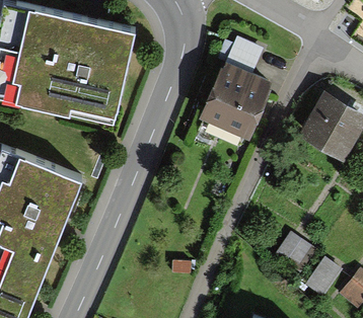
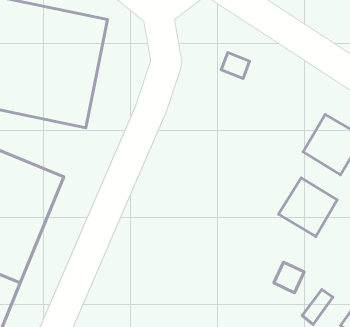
building: [209,78,268,142] -> none
building: none -> [278,178,337,237]

